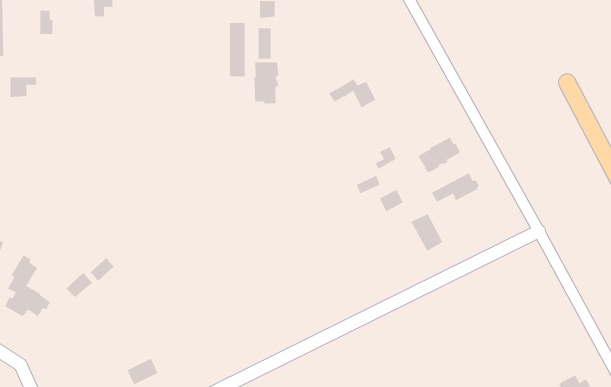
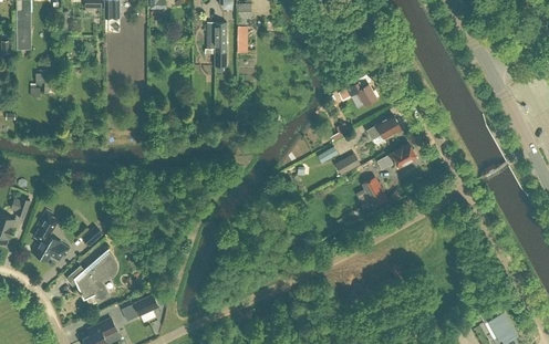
building: [254,61,279,104] -> none
building: [328,78,376,108] -> [338,81,376,105]
building: none -> [65,248,116,301]

